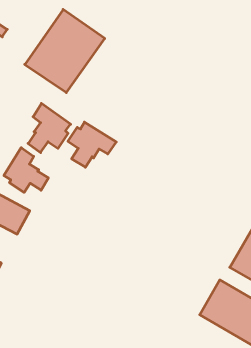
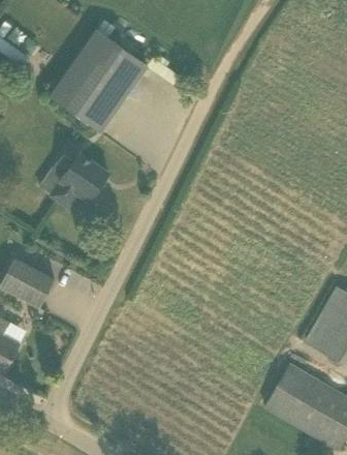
building: [68,122,116,167] -> none
building: [4,148,48,192] -> none

